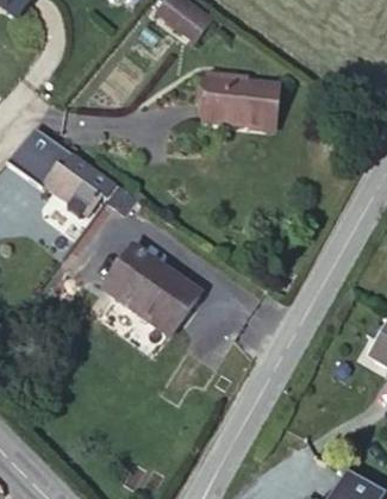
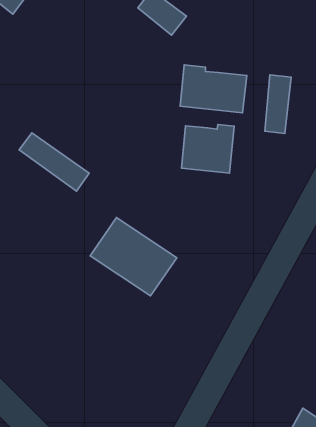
building: none -> [265,75,291,134]
building: none -> [181,124,234,173]

